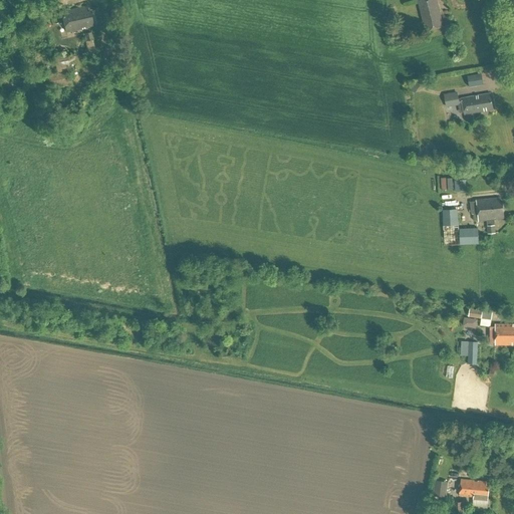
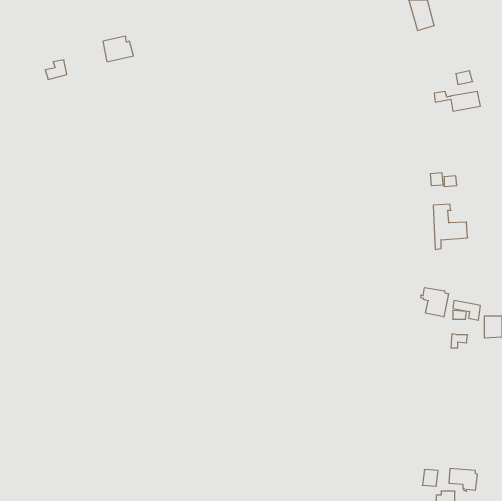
building: [61,6,92,32] -> [103,36,133,62]
building: [467,198,502,235] -> none
building: none -> [421,288,449,317]

